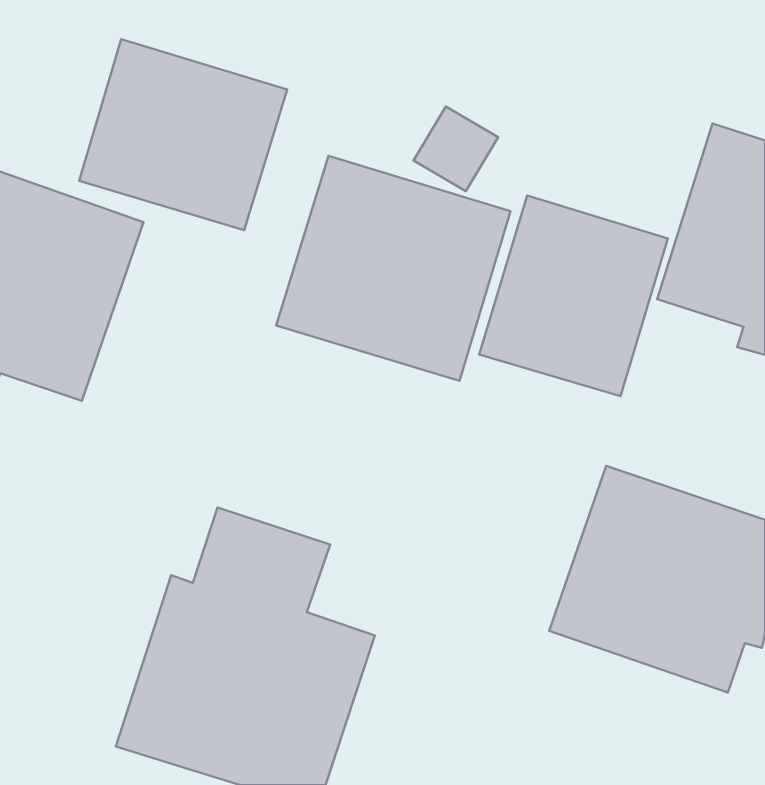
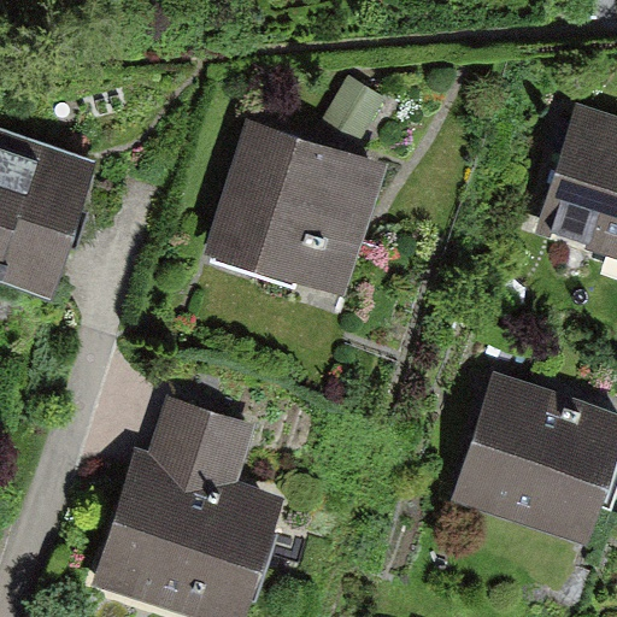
building: [79,39,287,230] -> none
building: [479,195,668,396] -> none

